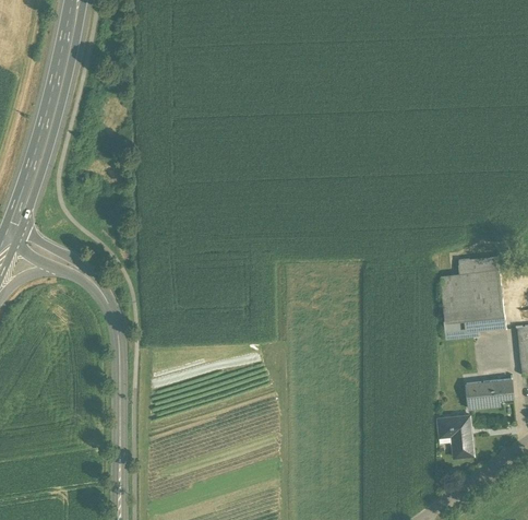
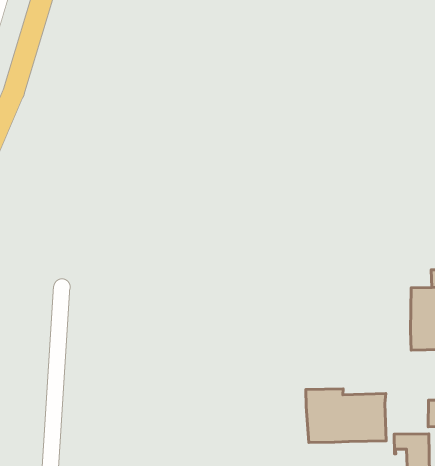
building: none -> [306,389,386,443]

